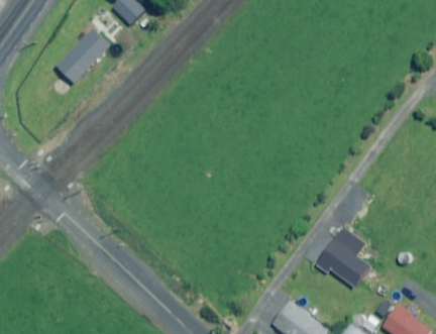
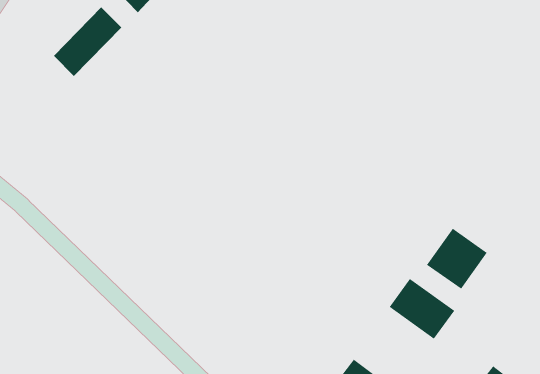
building: none -> [426,228,488,290]

